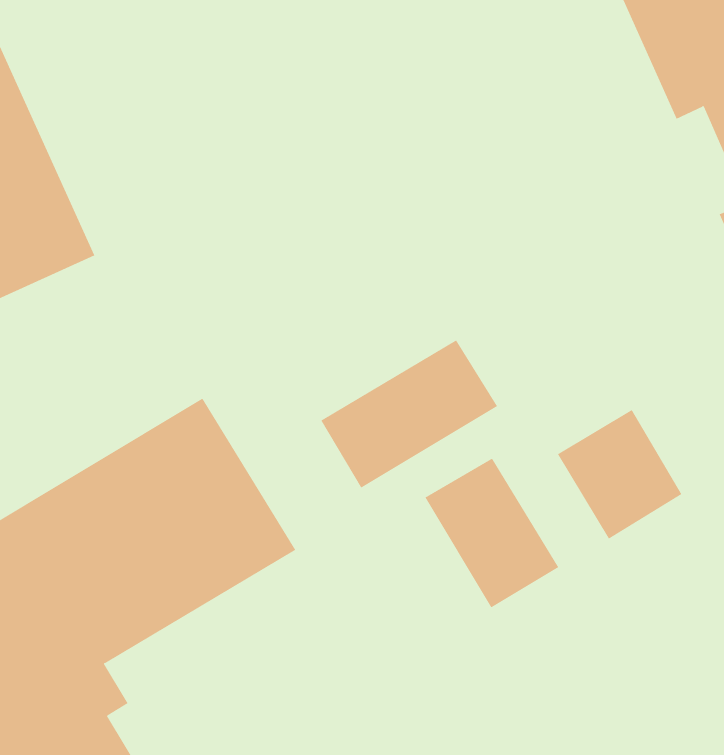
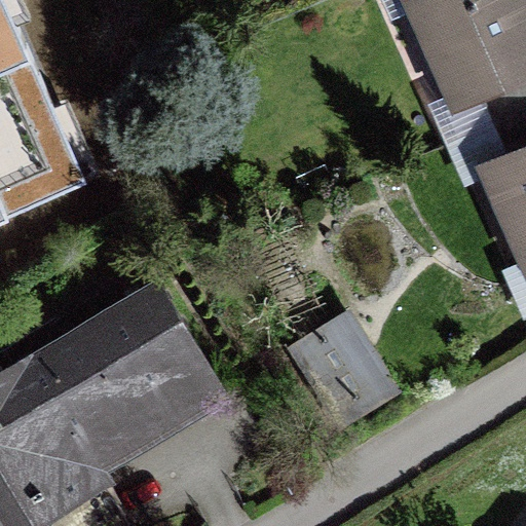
building: [320,340,498,489] -> none
building: [557,409,682,540] -> none

